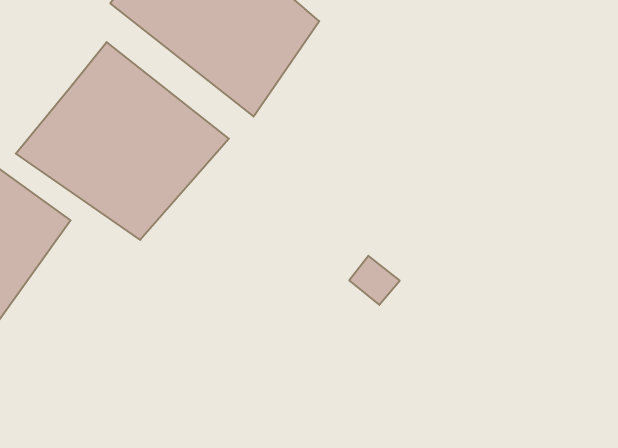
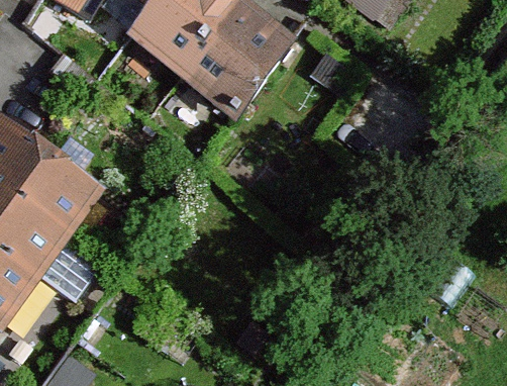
building: [16,42,229,240] -> none

